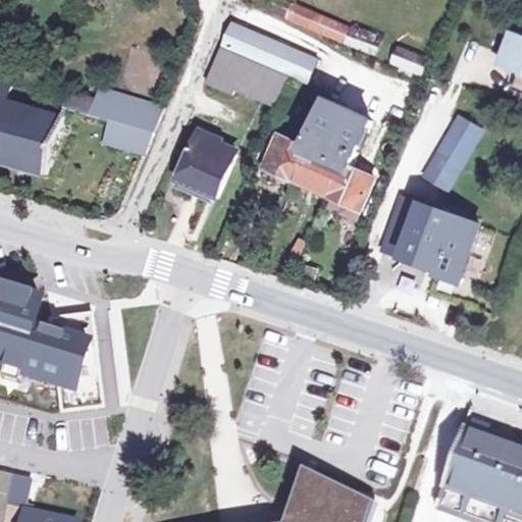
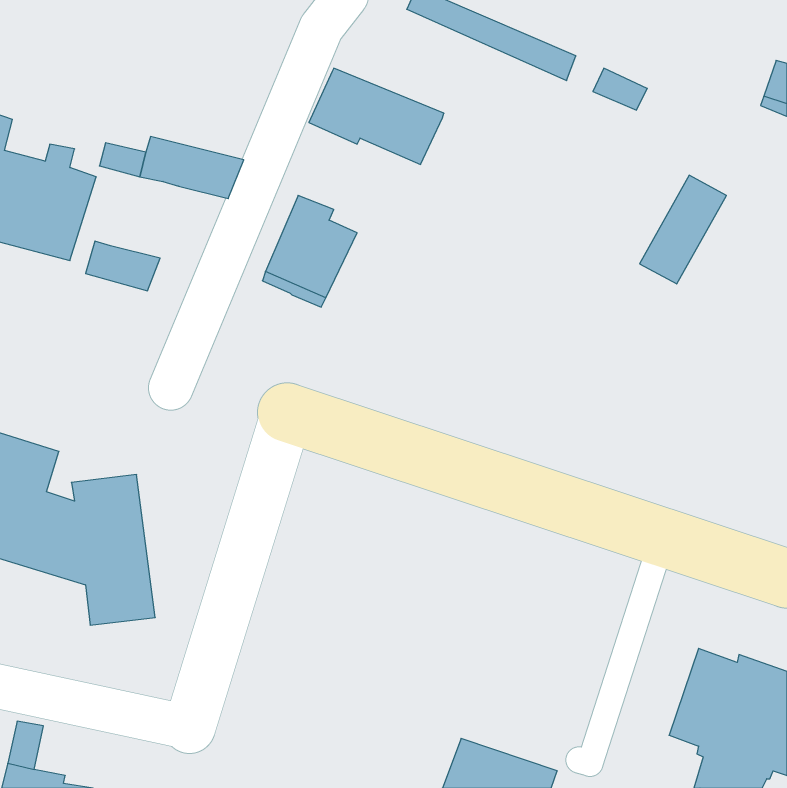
building: [219,18,319,82] -> none
building: [264,100,372,220] -> none
building: [101,119,150,152] -> [86,241,160,291]
building: [380,196,477,281] -> none

